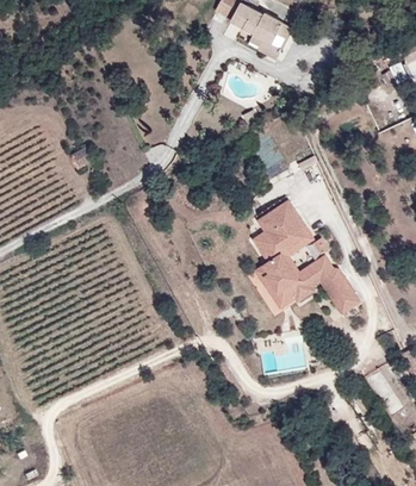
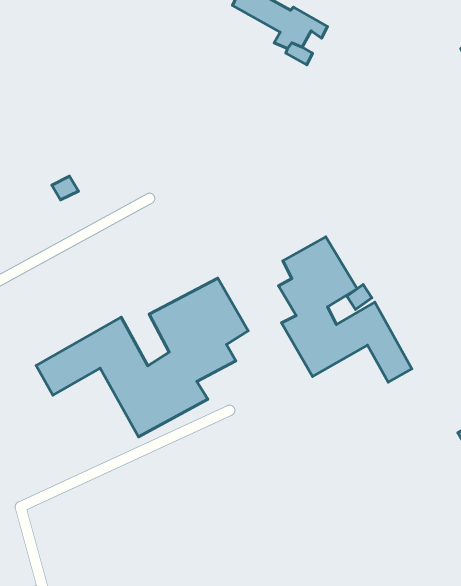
building: none -> [36,278,248,437]

